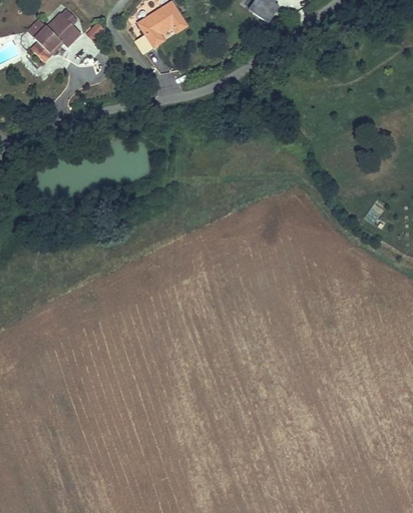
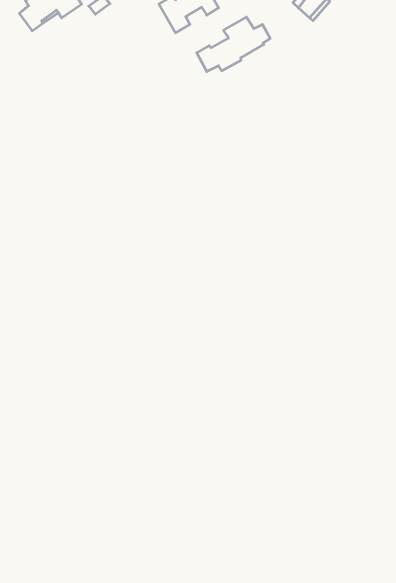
building: none -> [197,17,270,72]

